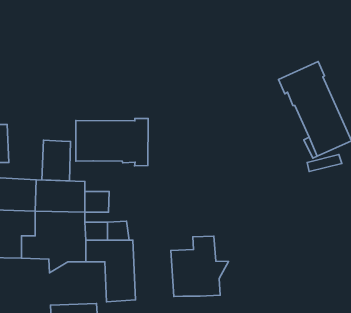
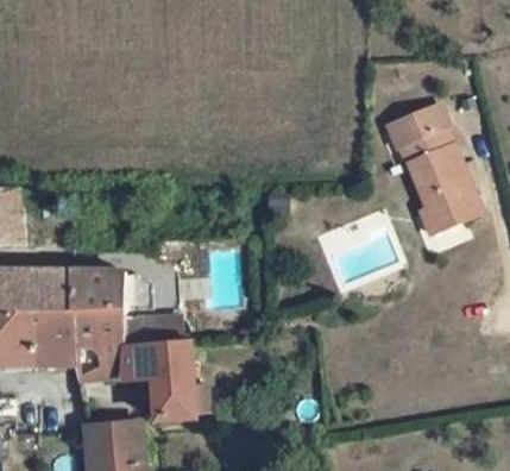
building: [76,118,148,166] -> none
building: [42,140,70,181] -> none
building: [171,236,229,297] -> none

